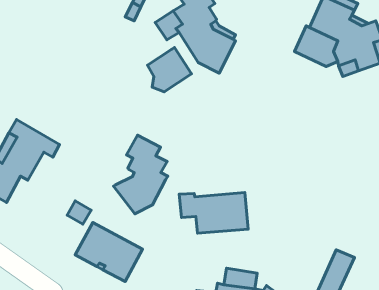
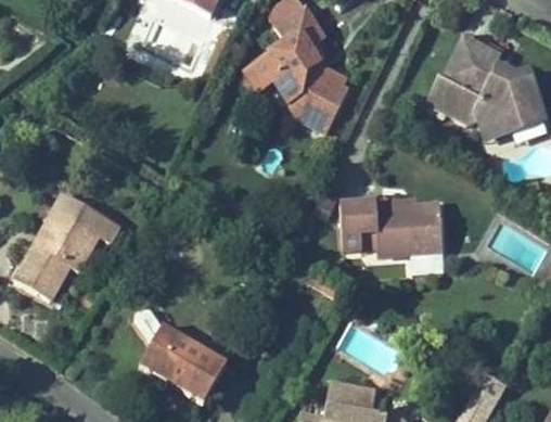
building: [147,47,191,92] -> none
building: [113,135,168,214] -> none
building: [179,193,248,233] -> [353,201,443,254]

